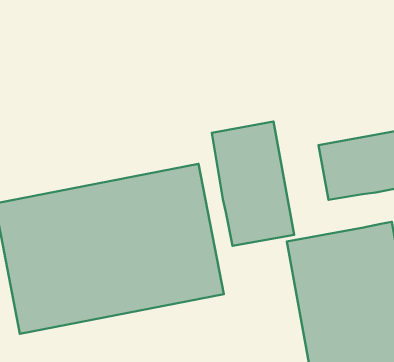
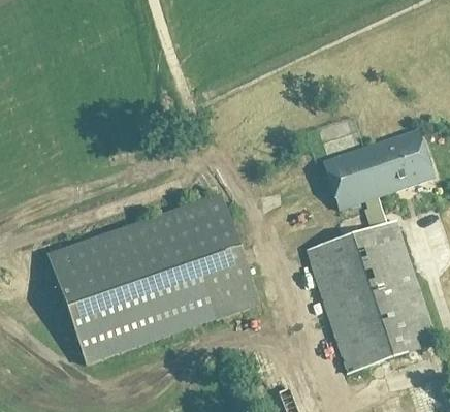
building: [212,122,294,246] -> none

